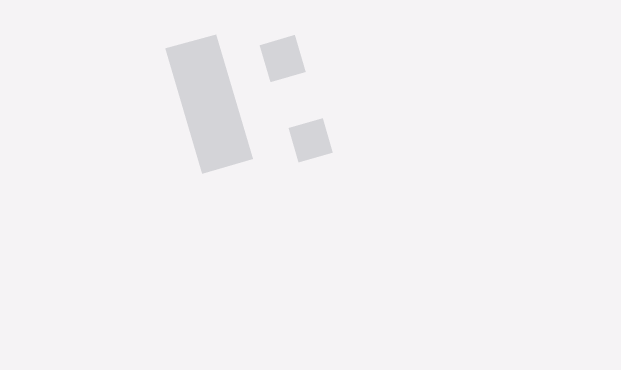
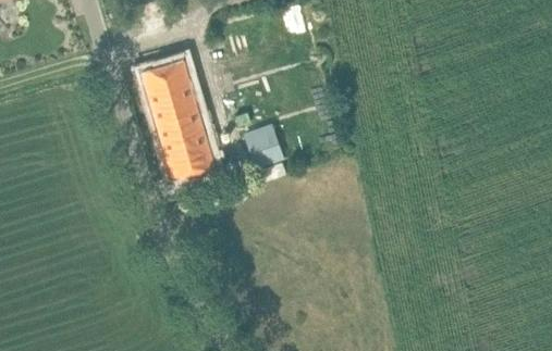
building: [259,34,307,83] -> none

